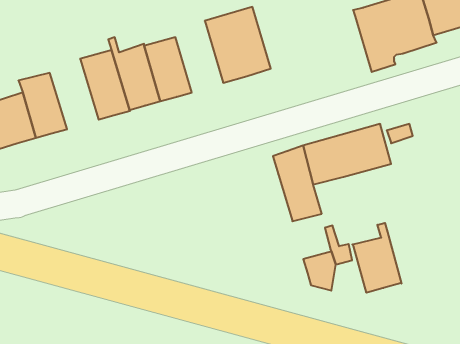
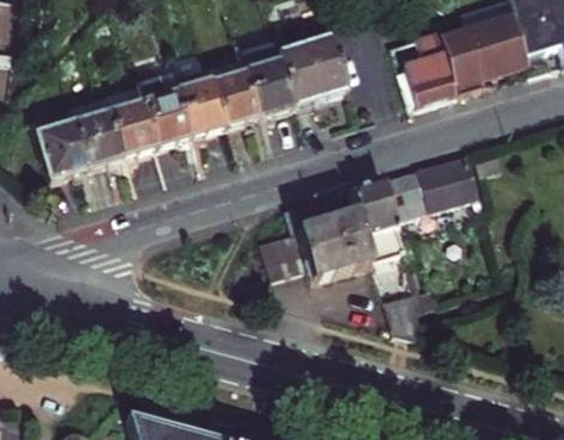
building: none -> [401,35,458,113]
building: none -> [240,43,295,122]
building: none -> [103,85,157,162]
building: none -> [262,212,372,286]
building: [352,223,401,293] -> none

